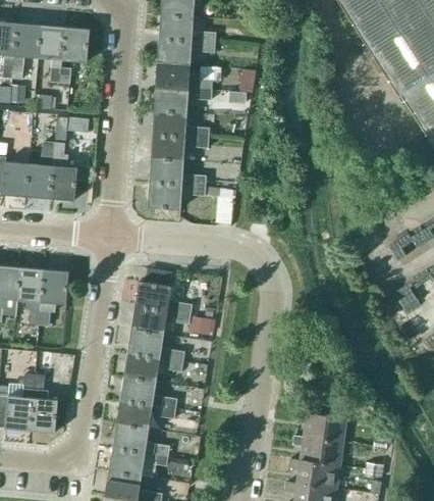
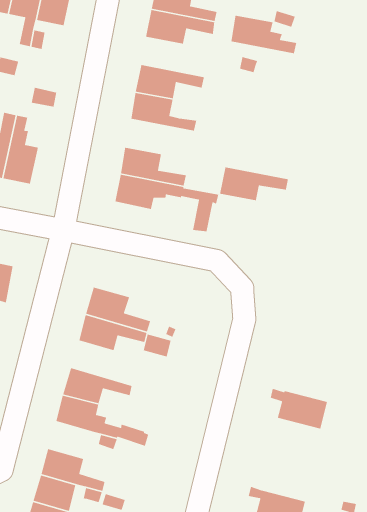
building: [156,63,213,91] -> [231,15,297,54]
building: [151,135,209,161] -> [219,166,289,201]
building: [127,330,184,362] -> none
building: [116,401,152,430] -> none
building: [295,412,345,443] -> [270,388,328,429]

